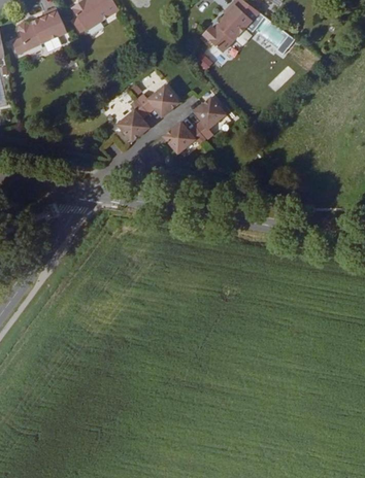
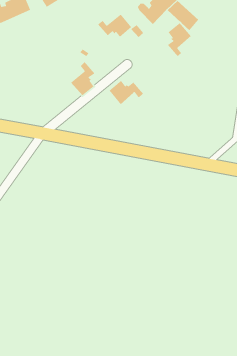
building: [135,84,179,115] -> [97,13,132,38]
building: [197,95,229,139] -> [167,22,192,57]

